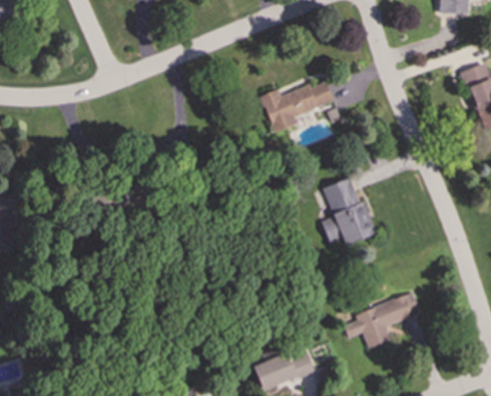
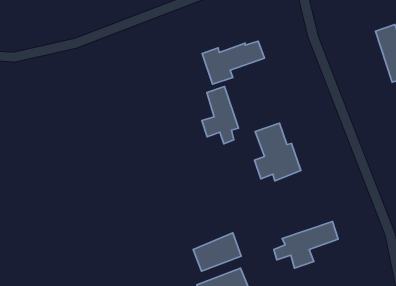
building: none -> [202,86,238,144]
building: none -> [193,233,241,271]

